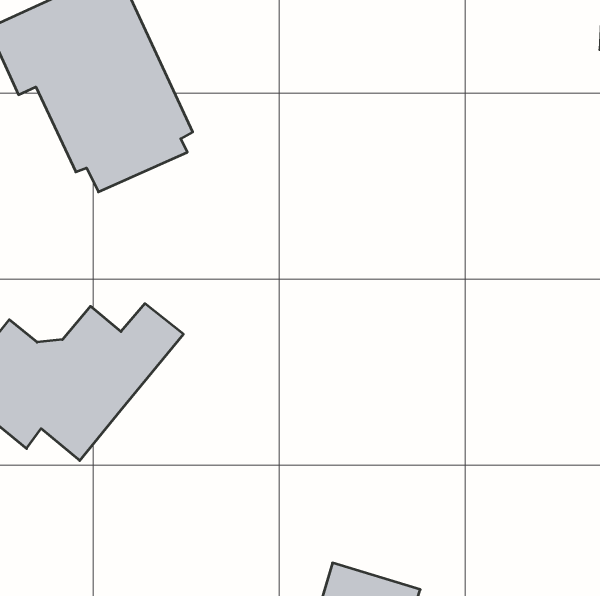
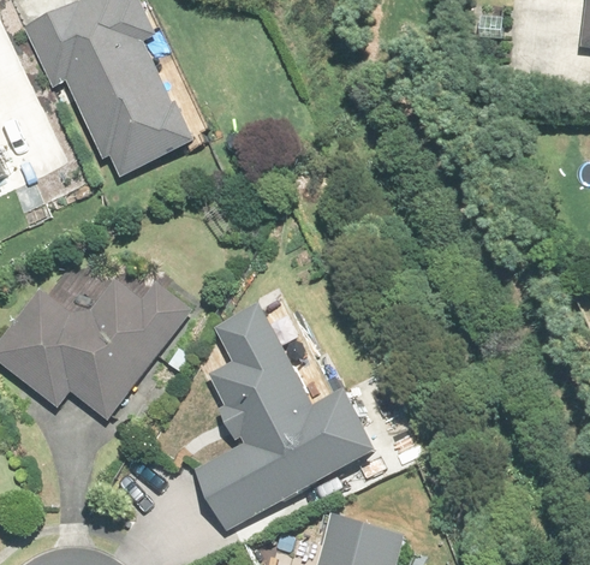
building: none -> [193,304,379,529]

